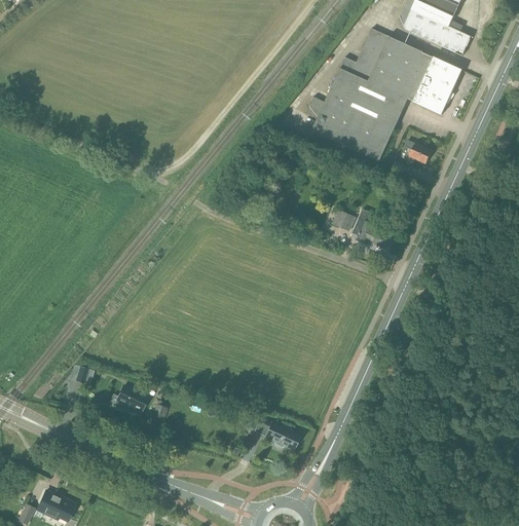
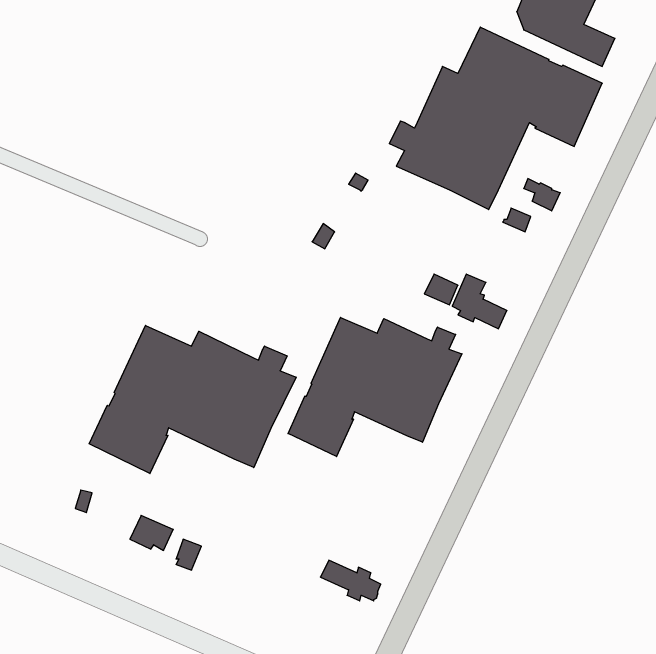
building: none -> [288,317,462,457]
building: none -> [89,325,296,474]

